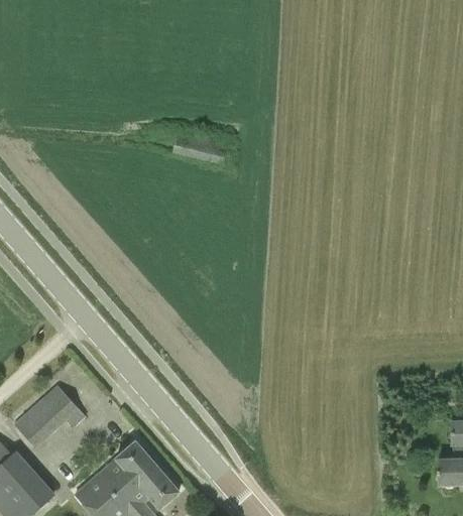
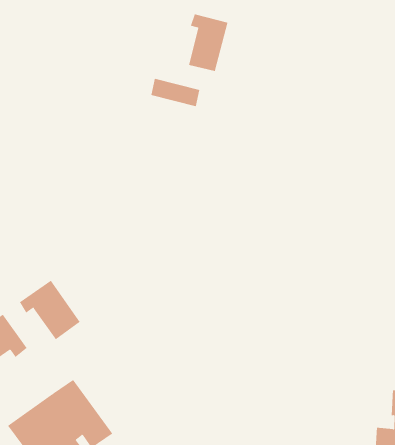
building: none -> [188,14,228,72]
building: none -> [19,280,81,340]

